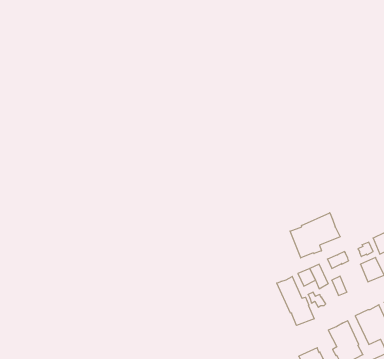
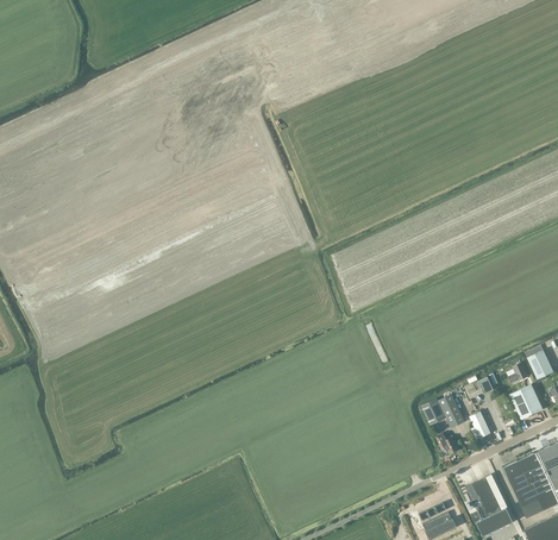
building: [290,213,340,258] -> none
building: [277,276,314,325] -> none

